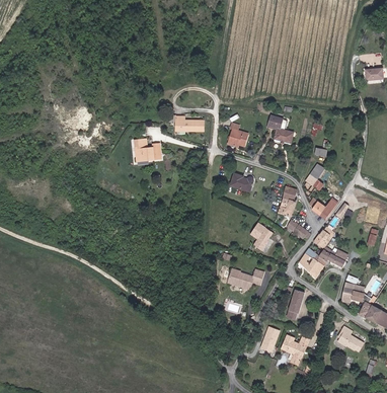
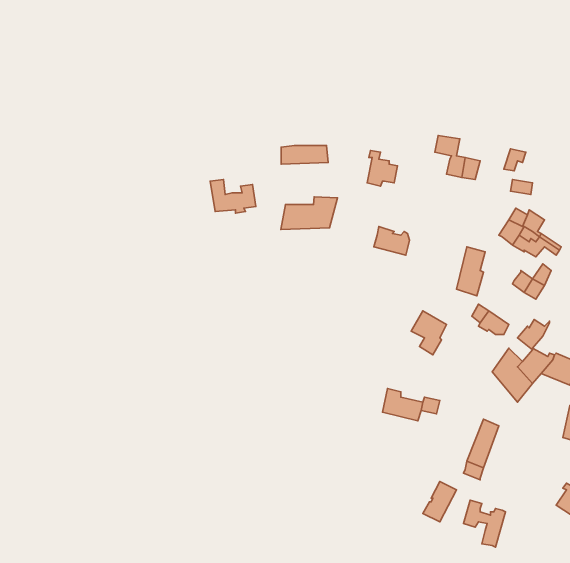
building: none -> [281,197,338,229]

